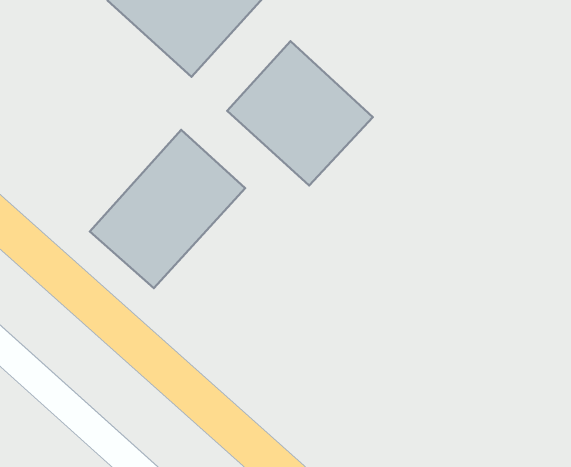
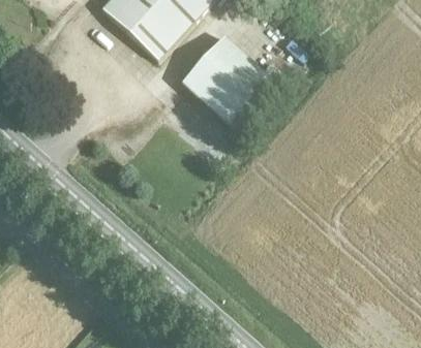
building: [90,130,245,288] -> none

